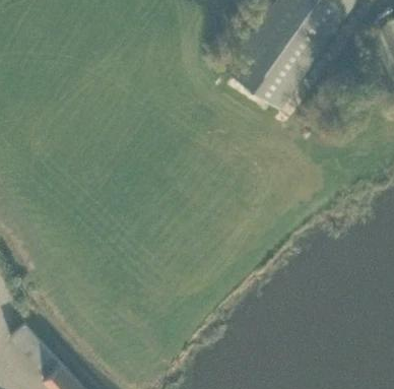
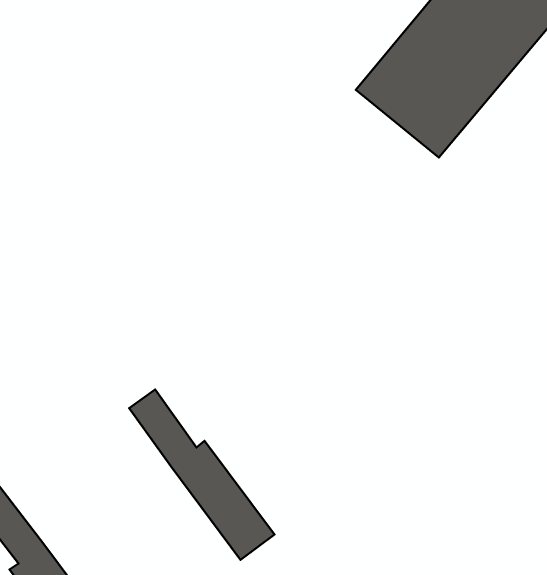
building: none -> [129,390,275,560]

